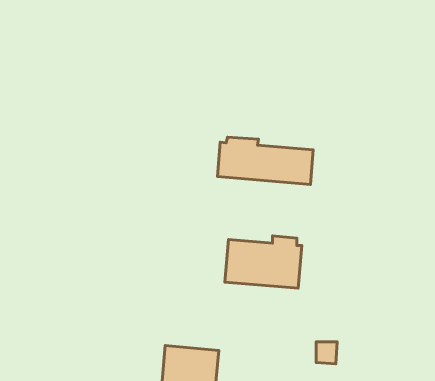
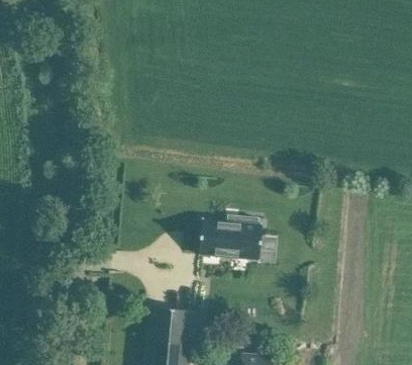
building: [217,137,313,184] -> none

